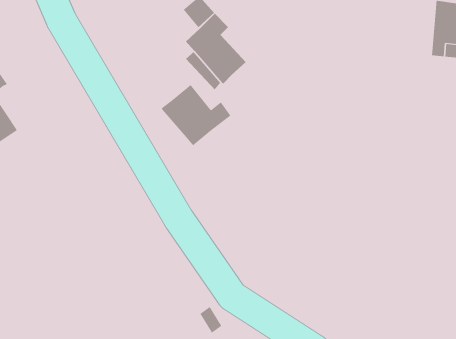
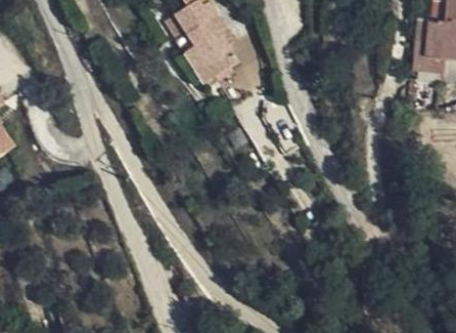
building: [161,84,231,146] -> none

